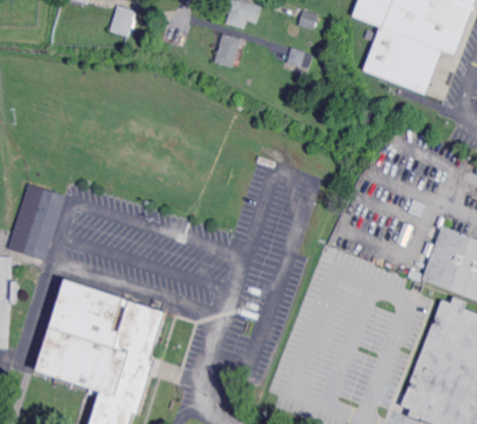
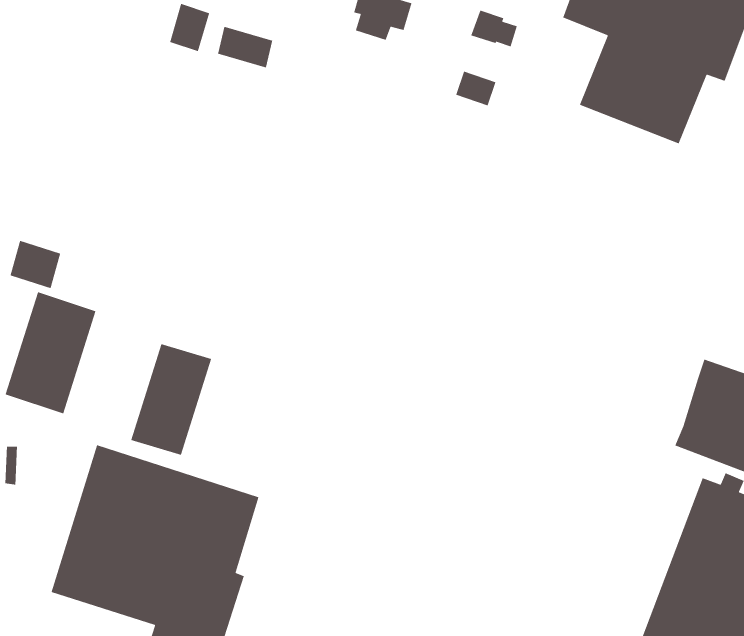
building: none -> [217,26,273,68]
building: [213,34,241,67] -> none
building: none -> [9,240,61,289]
building: none -> [130,343,212,456]

